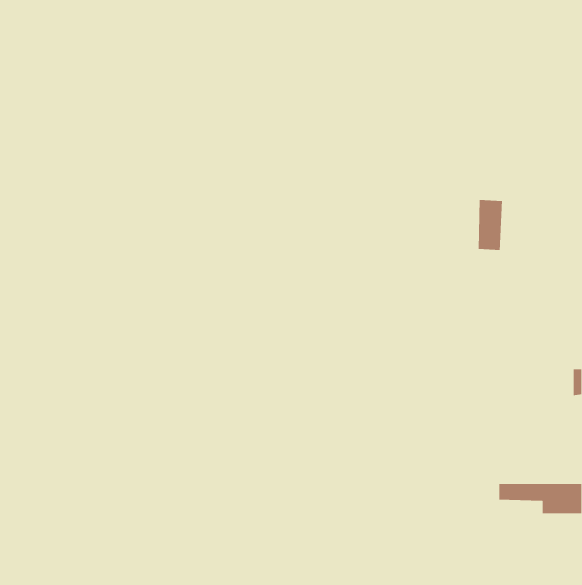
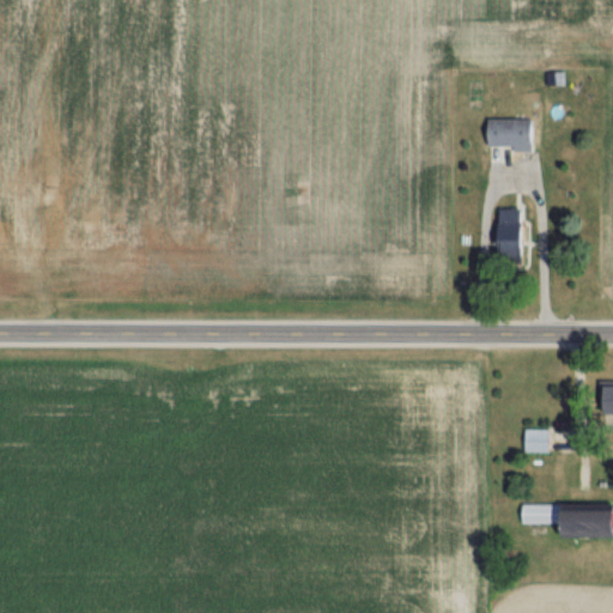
building: none -> [487,119,534,150]
building: none -> [526,429,550,453]

